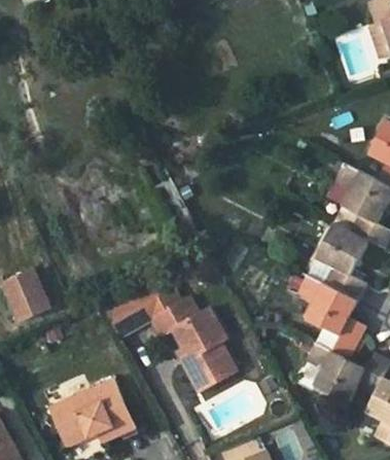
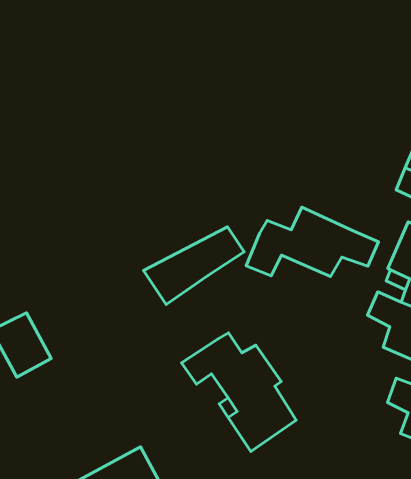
building: none -> [246,207,379,276]
building: [101,282,180,339] -> [143,227,244,304]

